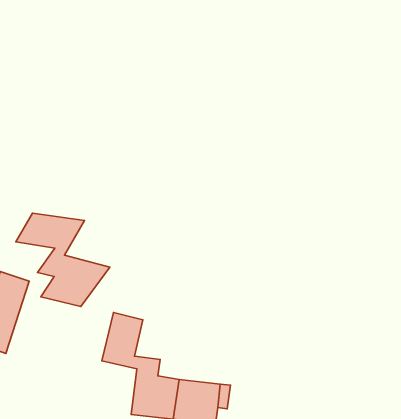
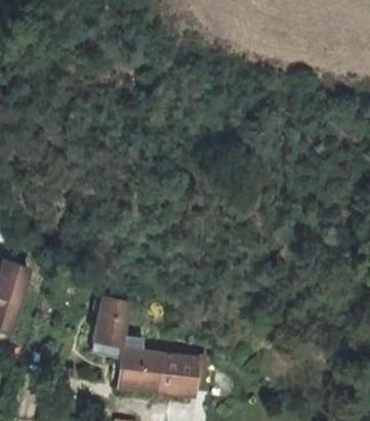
building: [16,213,110,306] -> none

